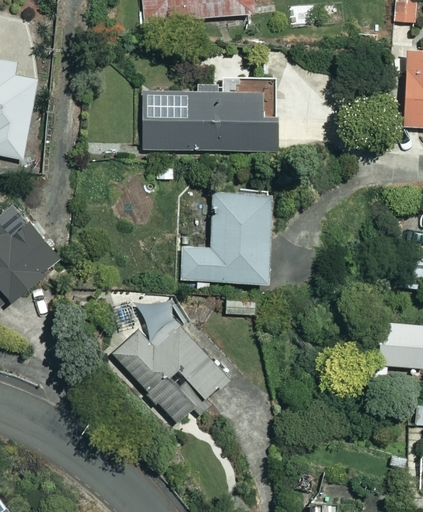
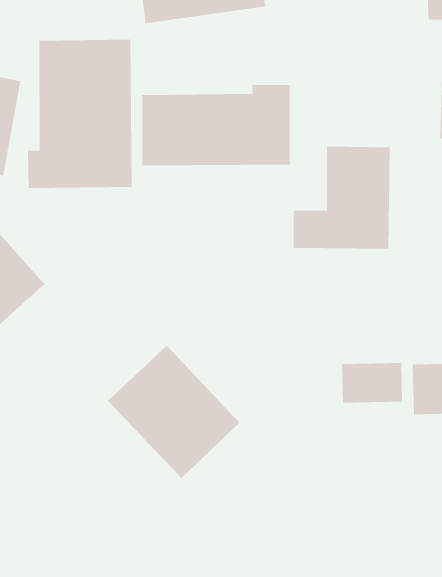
building: none -> [27,39,132,189]
building: [183,192,268,282] -> [293,146,390,249]
building: none -> [342,362,403,403]

